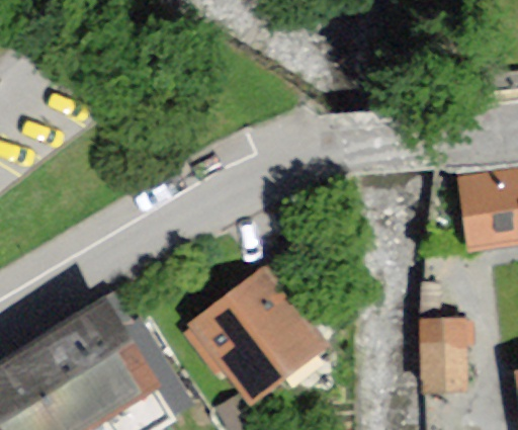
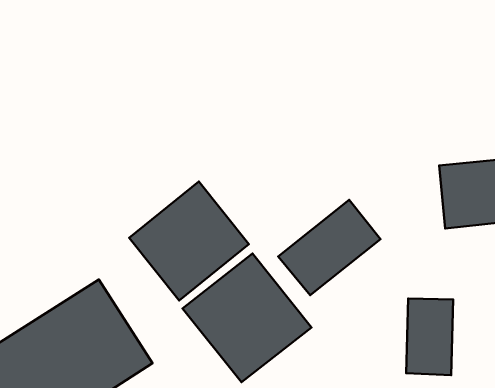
building: none -> [129,182,249,300]
building: none -> [278,200,380,295]

